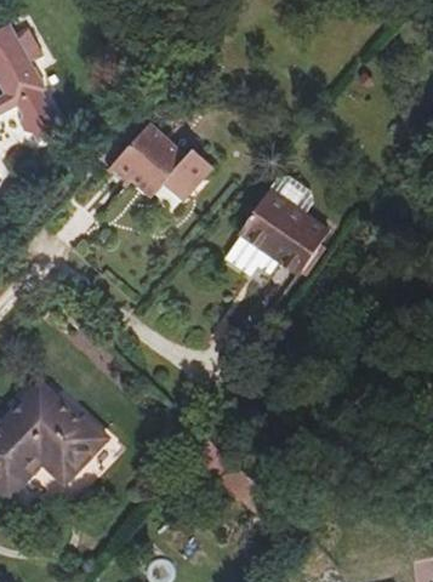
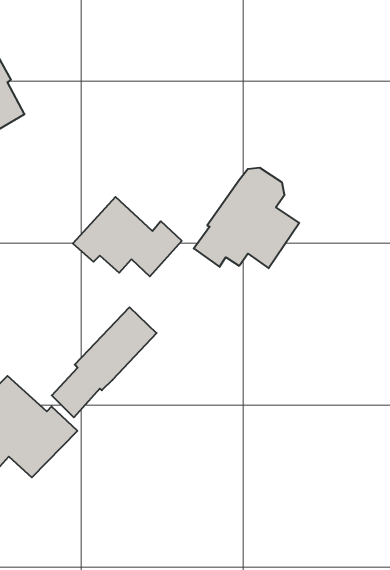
building: [107,122,215,201] -> [73,197,182,276]
building: none -> [52,307,157,417]

